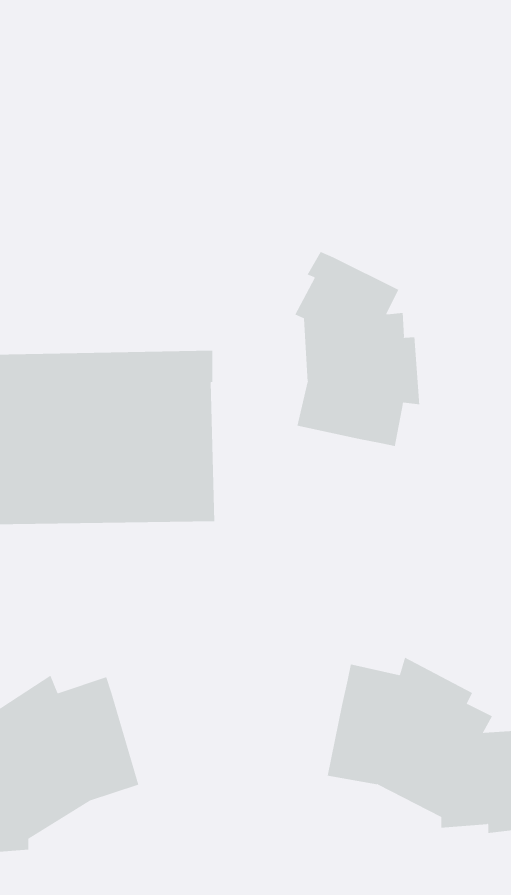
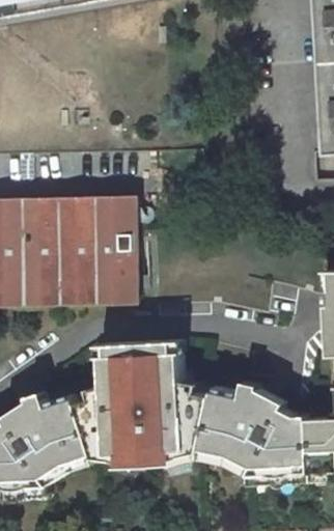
building: [295,251,420,447] -> none
building: none -> [72,340,206,464]

